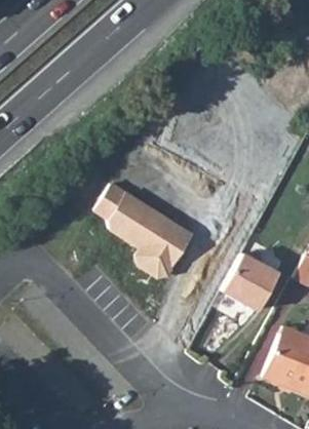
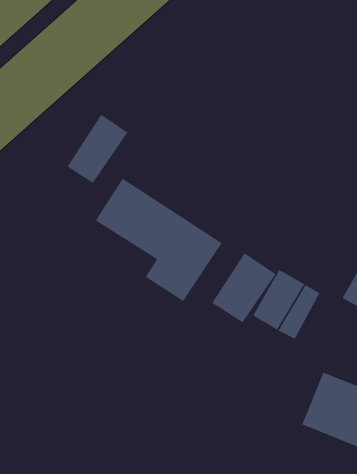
building: none -> [67,114,128,184]
building: none -> [212,252,276,323]

